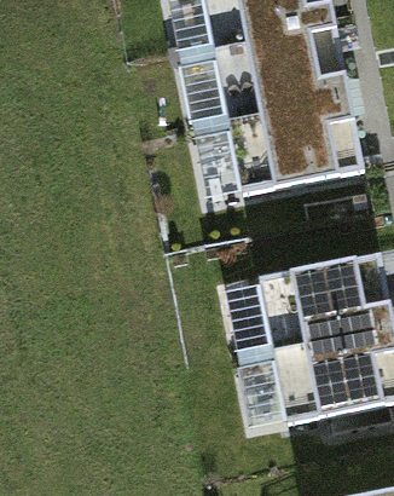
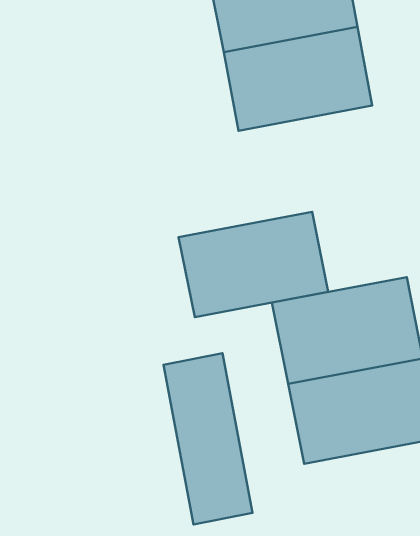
building: [227,98,363,194] -> [179,212,328,317]
building: none -> [163,353,253,524]

